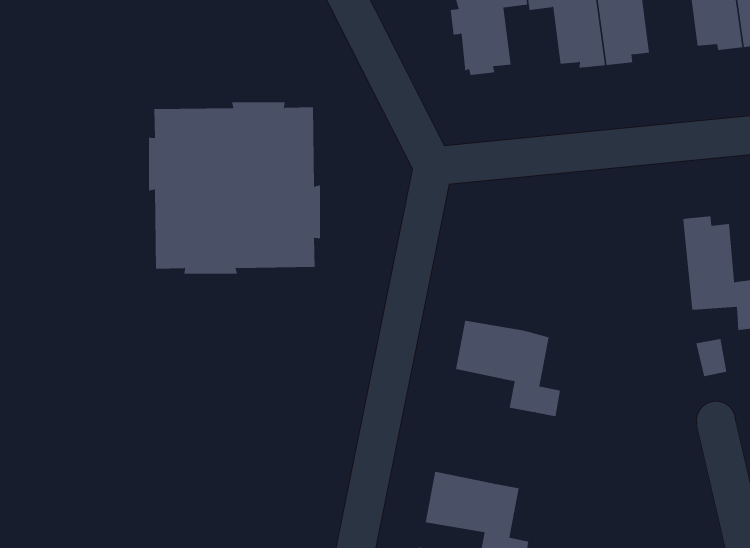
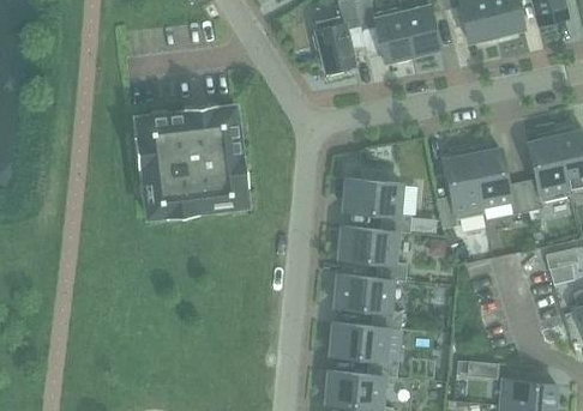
building: none -> [437,149,485,229]
building: none -> [344,170,411,234]
building: none -> [335,276,402,330]

